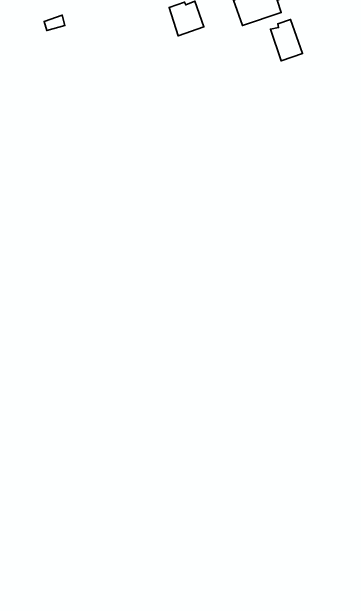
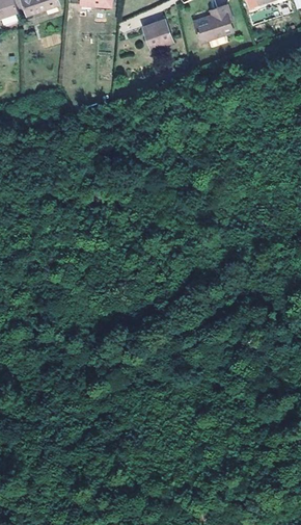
building: [271,19,302,61] -> none

